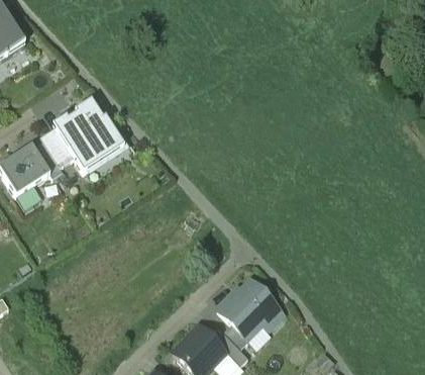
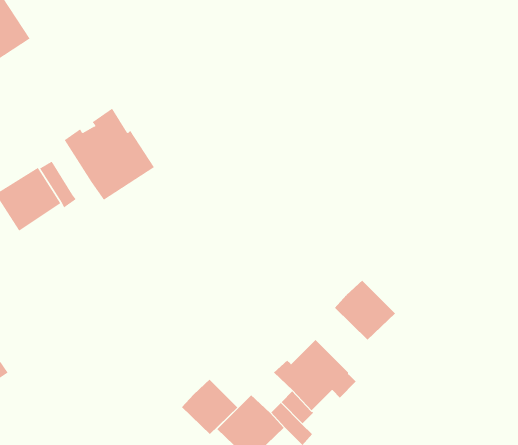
building: [40,127,74,167] -> none
building: none -> [334,280,396,340]
building: none -> [181,379,238,435]

